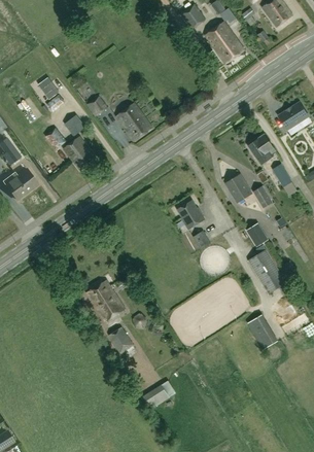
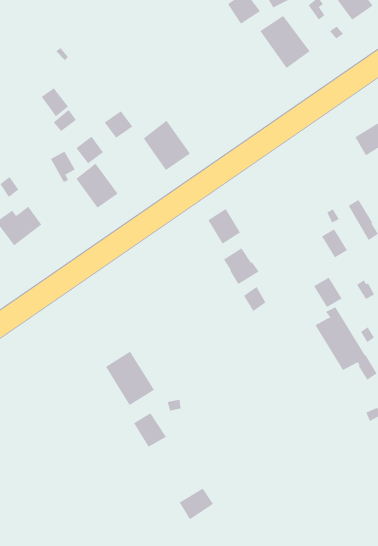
building: [247,134,276,165] -> none
building: [225,174,251,202] -> [207,208,241,244]
building: [248,314,278,349] -> none

